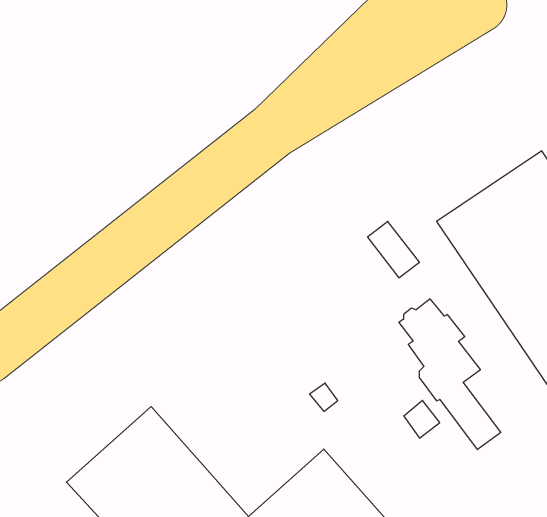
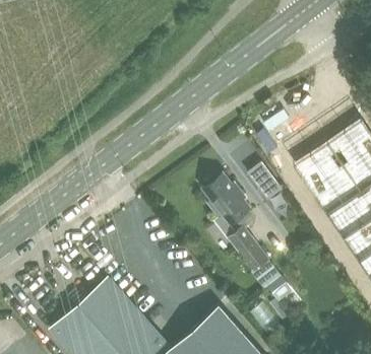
building: [399,299,501,450] -> [201,171,267,269]

